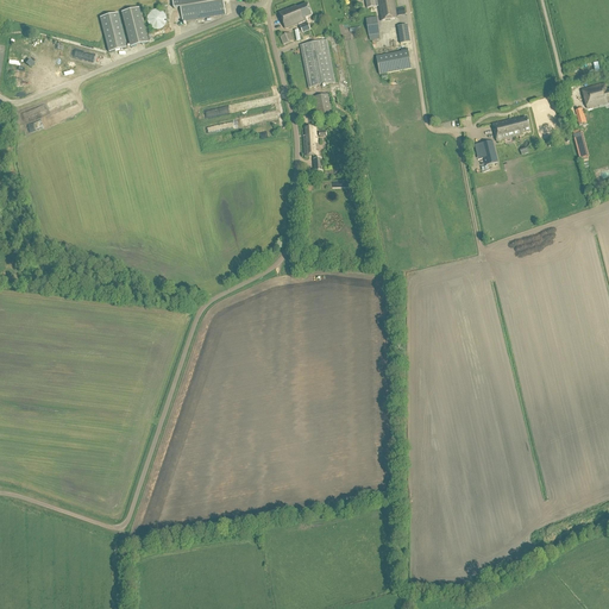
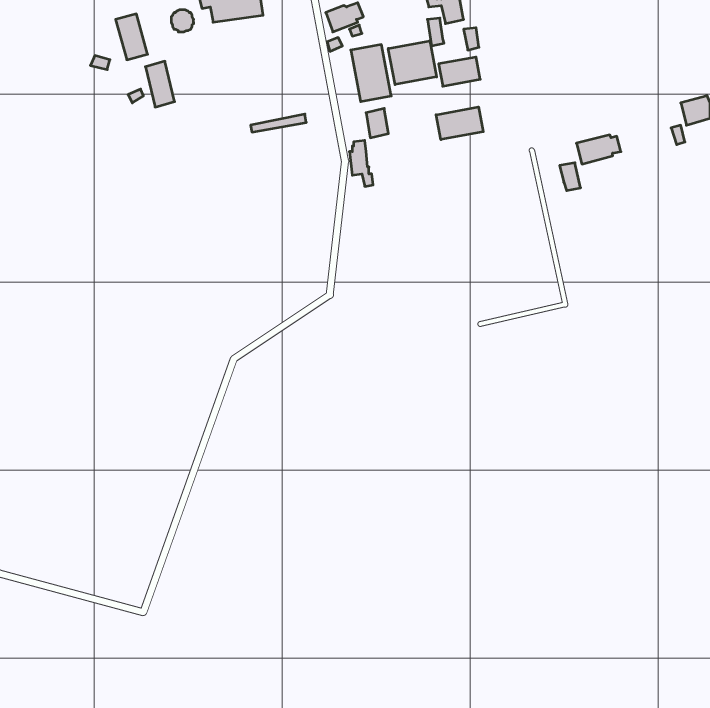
building: [121,6,146,45] -> [145,61,175,107]
building: none -> [388,41,437,85]
building: none -> [436,107,483,140]

